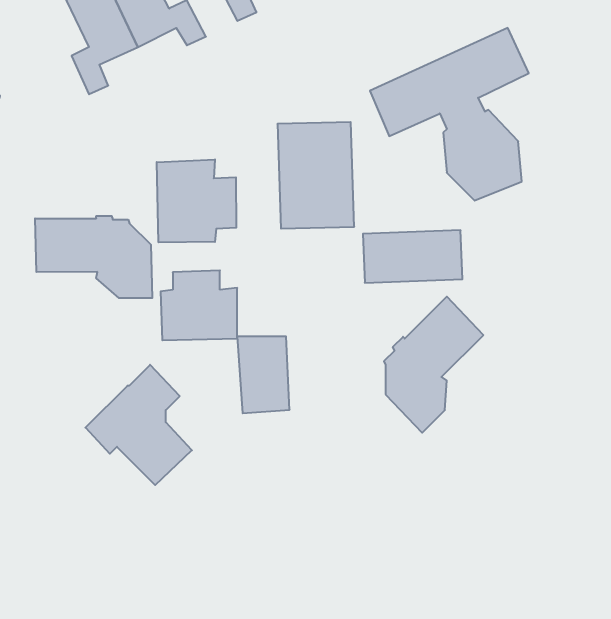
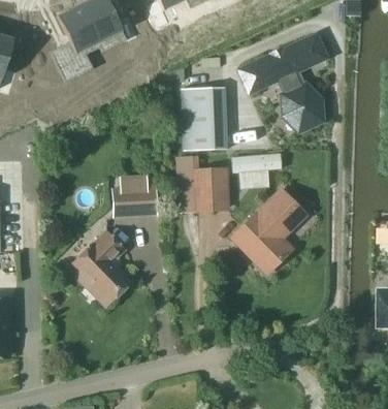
building: [157,159,236,242] -> none
building: [35,216,152,298] -> none
building: [237,336,290,413] -> [198,167,229,213]

